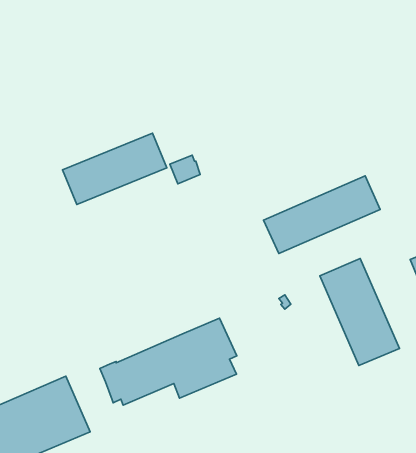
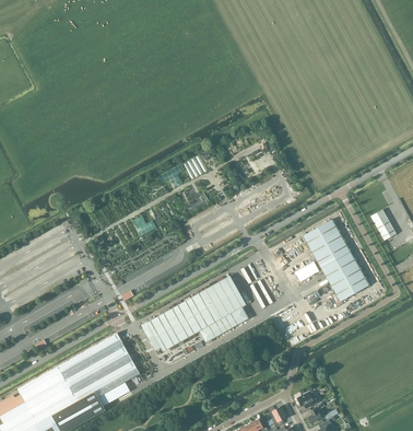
building: [62,133,167,204] -> none
building: [264,176,380,254] -> none

